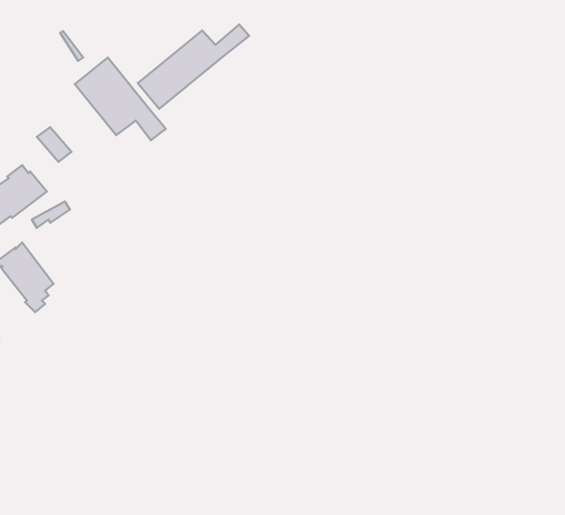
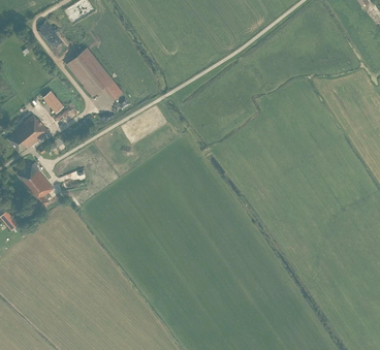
building: [138,24,249,109] -> none

